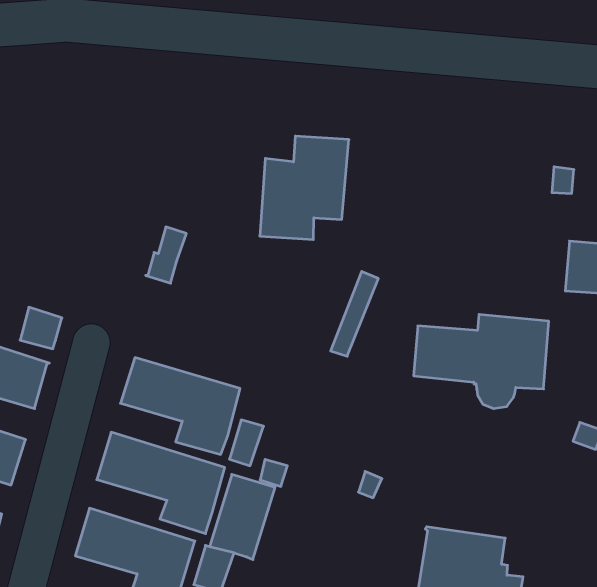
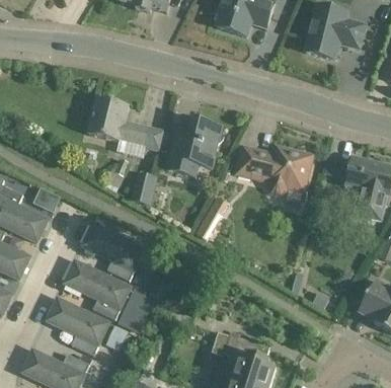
building: none -> [88,97,164,156]
building: none -> [130,172,157,205]
building: [414,314,549,409] -> [237,146,311,196]

